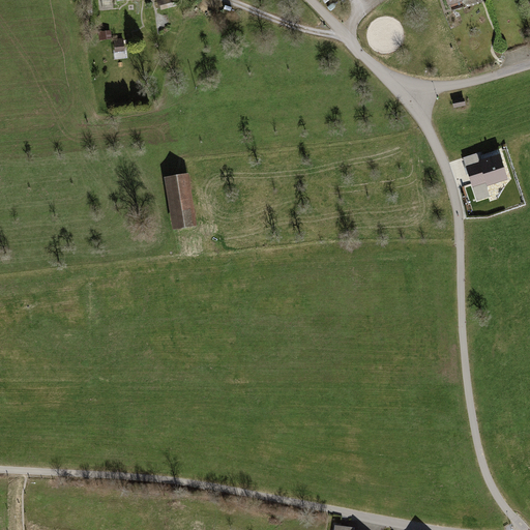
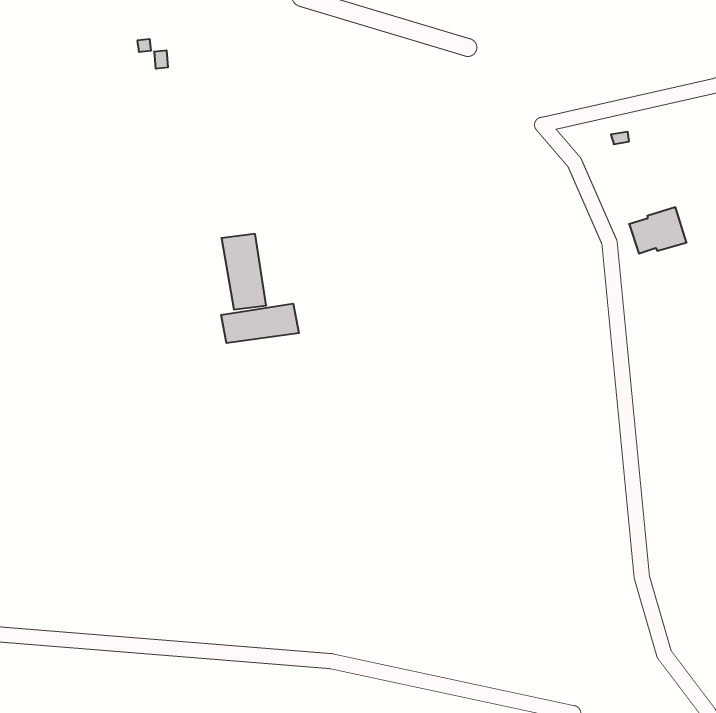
building: none -> [221,304,299,343]

